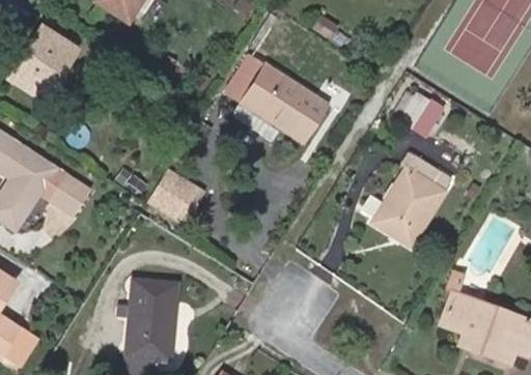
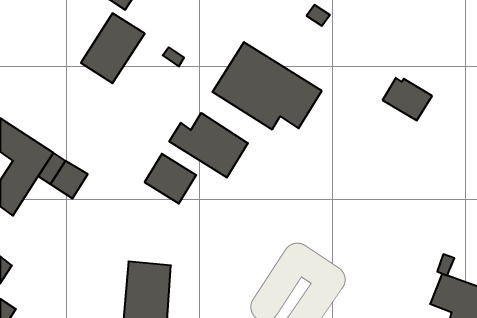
building: [11,28,77,99] -> [81,13,145,83]
building: none -> [169,113,248,178]
building: [363,156,452,246] -> none

